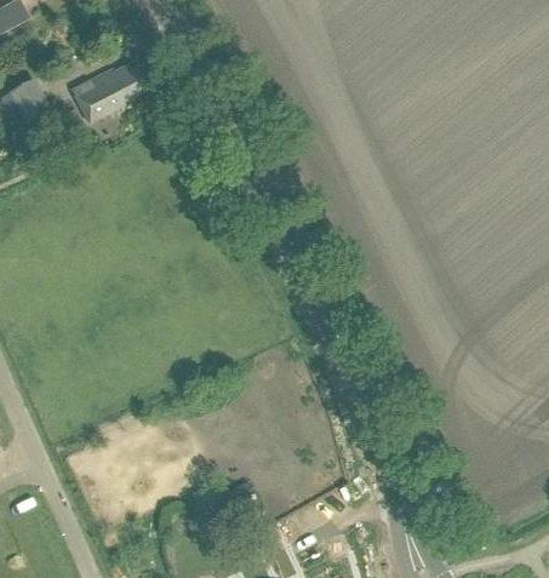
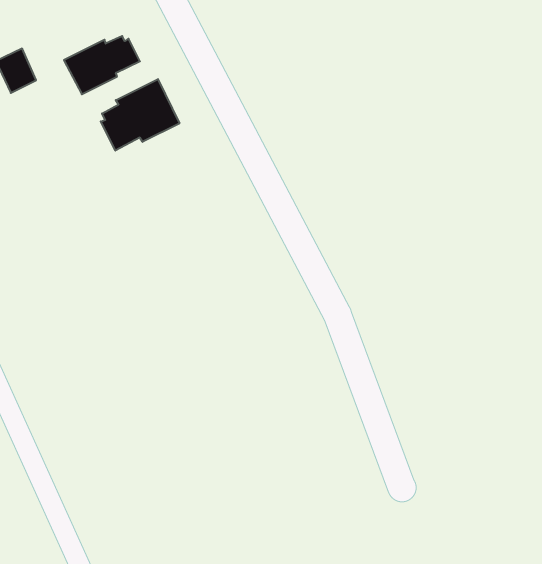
building: none -> [101,79,179,151]

